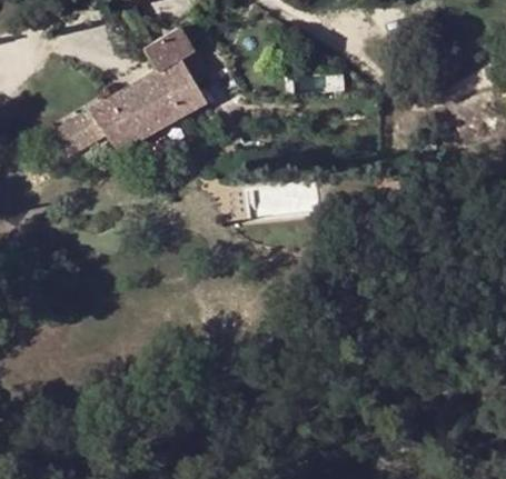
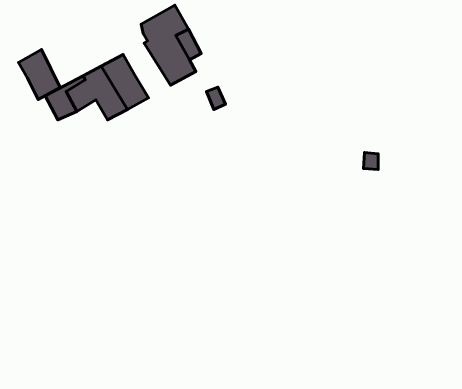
building: [137,68,187,126] -> none
building: none -> [19,49,60,100]

